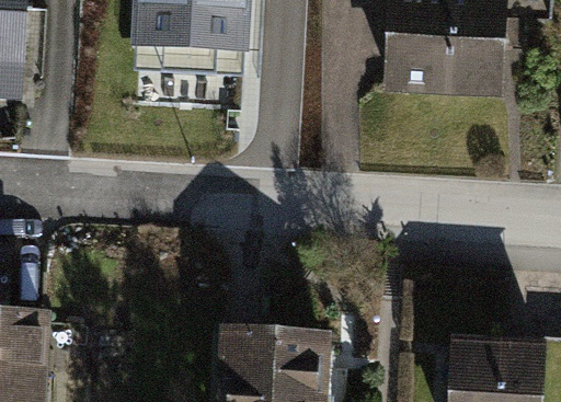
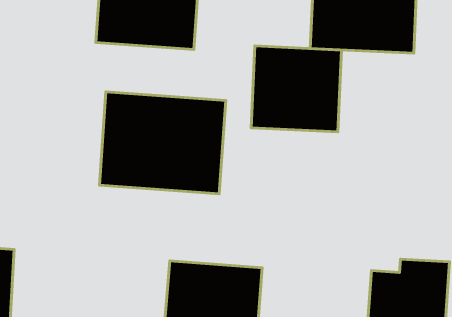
building: none -> [251,46,342,132]
building: none -> [99,92,226,194]

